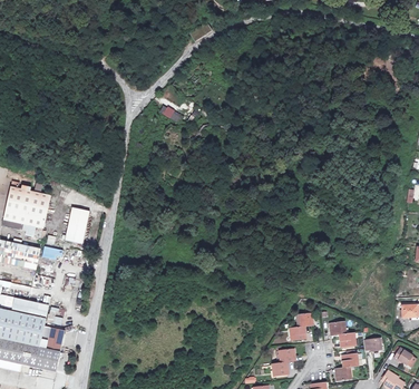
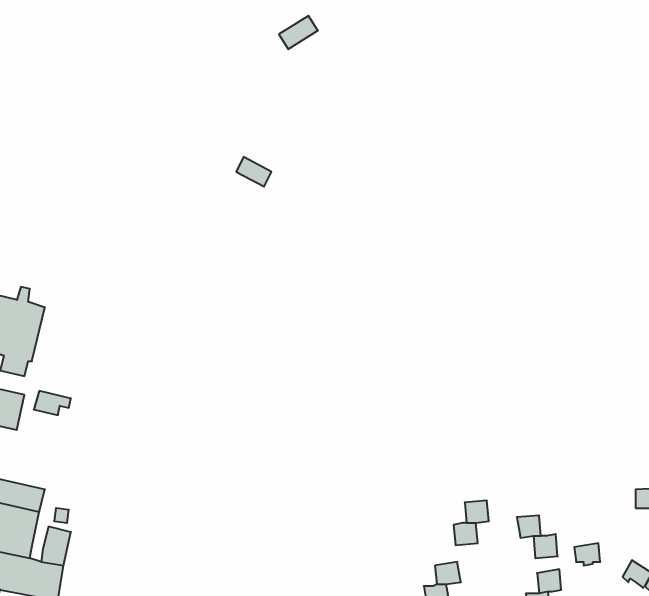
building: [61,207,87,244] -> none

